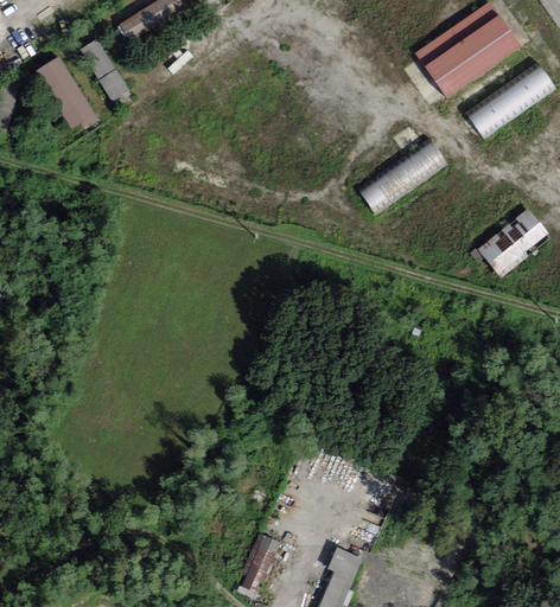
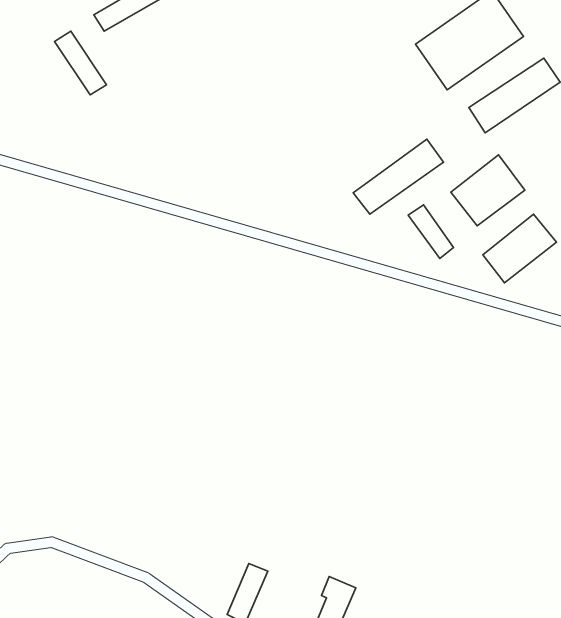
building: [37,57,95,132] -> none
building: none -> [451,155,525,226]
building: none -> [408,205,454,259]

